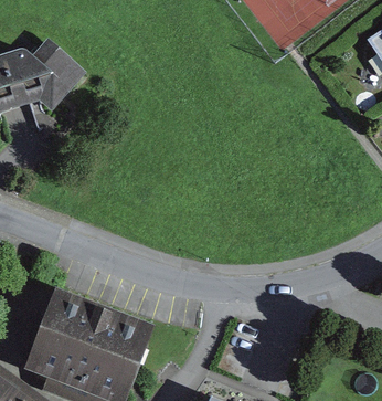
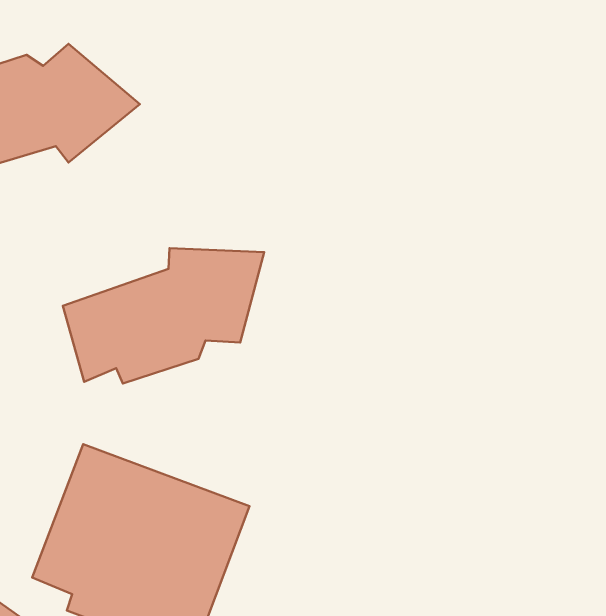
building: none -> [63,248,264,383]

